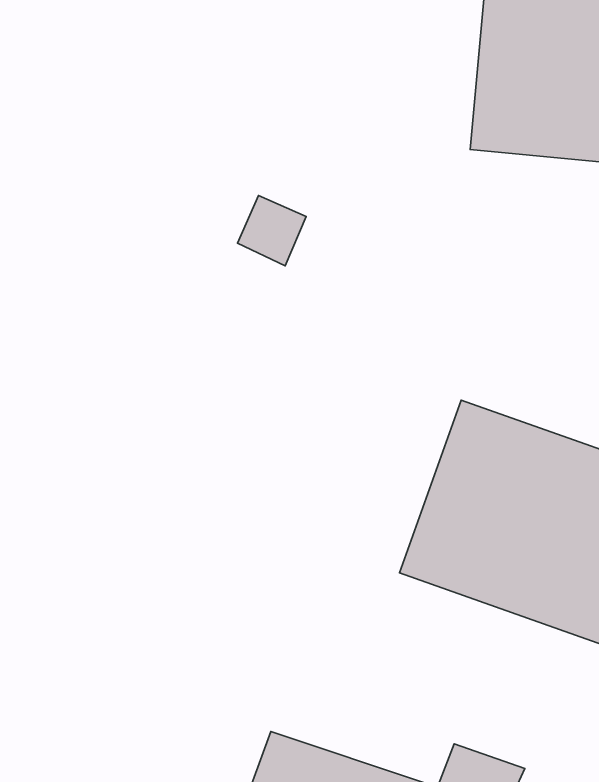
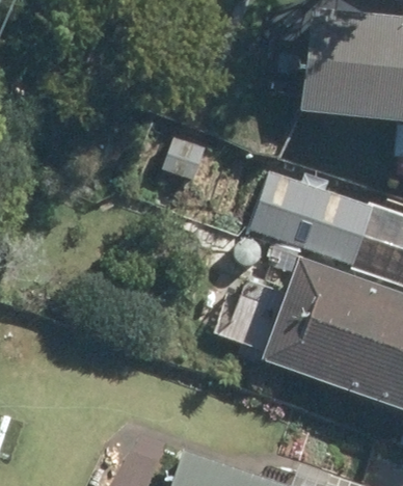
building: none -> [250,169,374,266]

